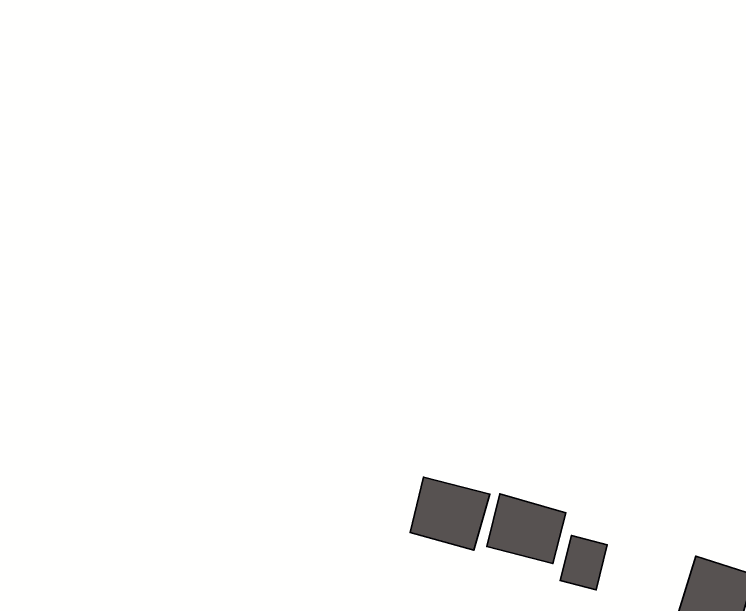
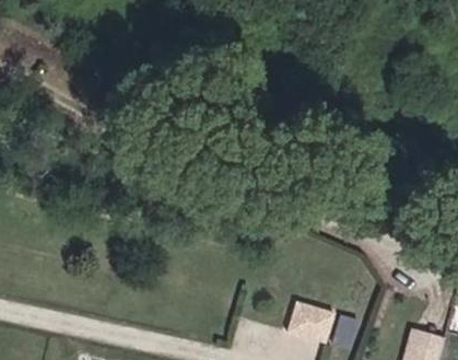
building: [410,477,490,550] -> none

